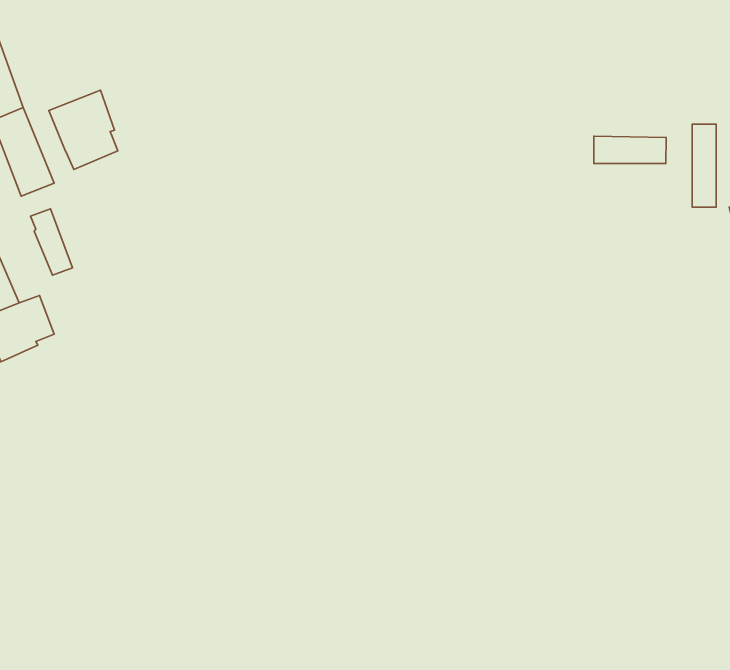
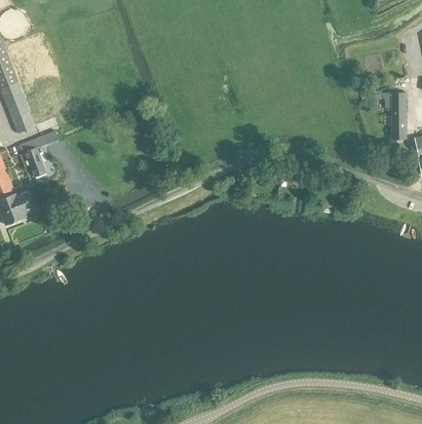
building: [49,90,118,169] -> none
building: [594,136,666,164] -> none

